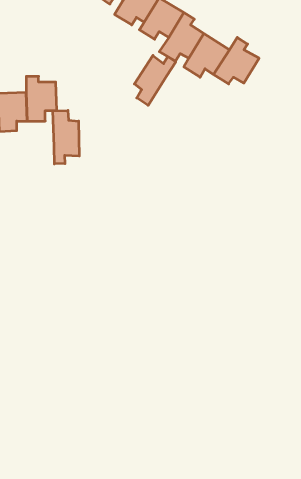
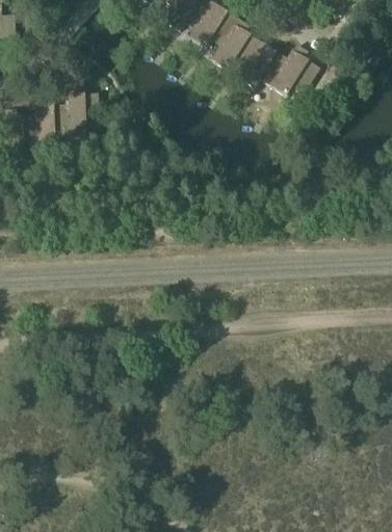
building: [134,55,176,105] -> none
building: [53,110,79,164] -> none

